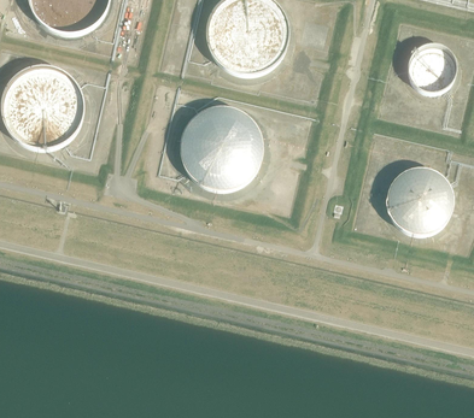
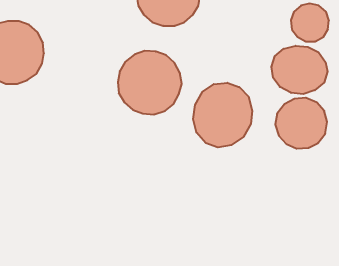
building: none -> [272,46,327,94]
building: none -> [193,83,252,147]

